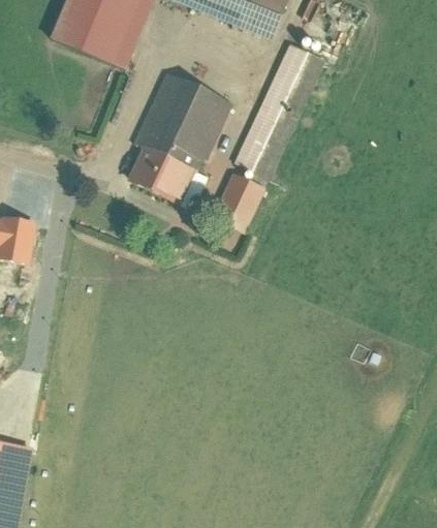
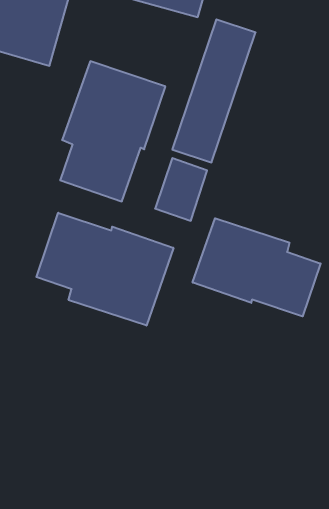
building: none -> [36,213,173,326]
building: none -> [193,218,321,316]

